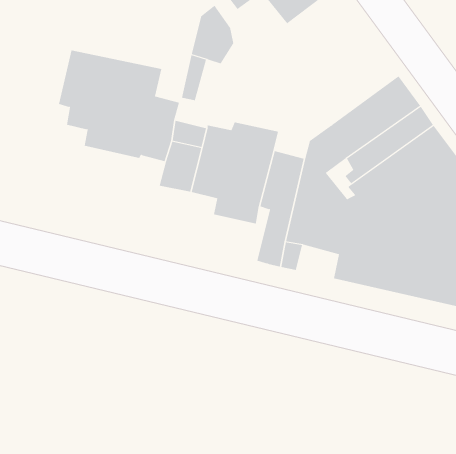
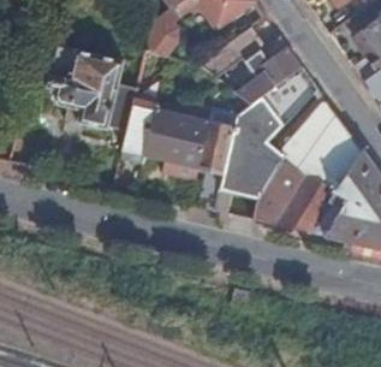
building: none -> [200,26,302,102]

